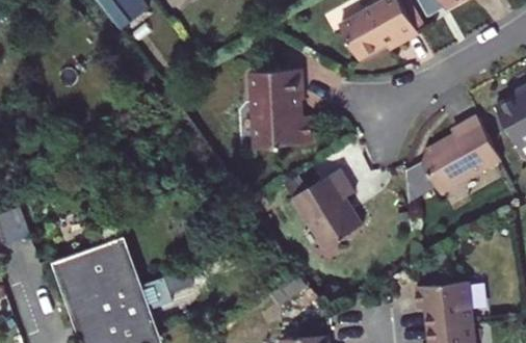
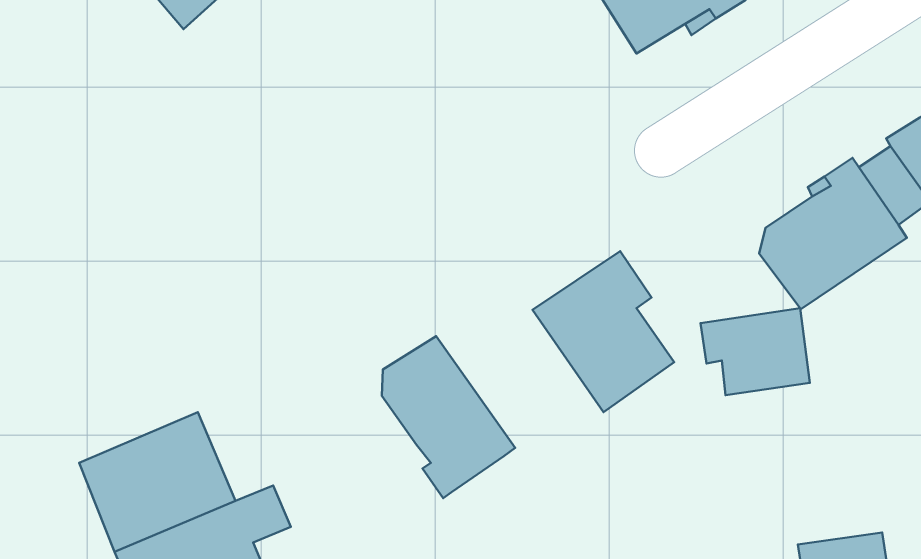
building: [247,65,306,143] -> none
building: none -> [382,336,515,498]
building: [419,283,476,327] -> [700,308,810,395]

